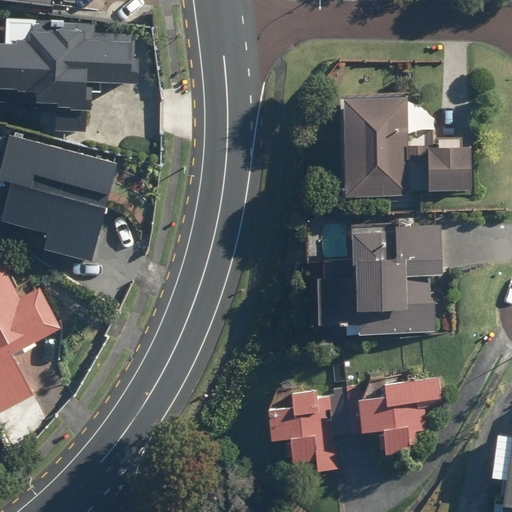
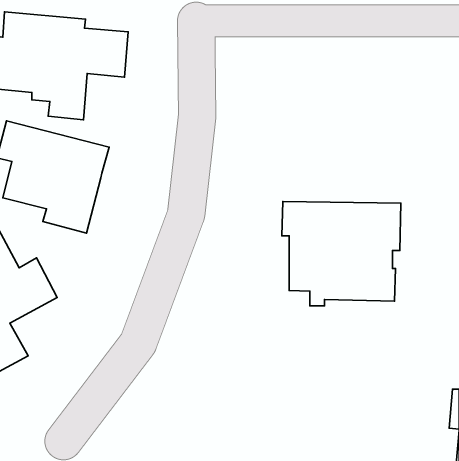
building: [339,94,470,196] -> none
building: [270,380,440,472] -> none

